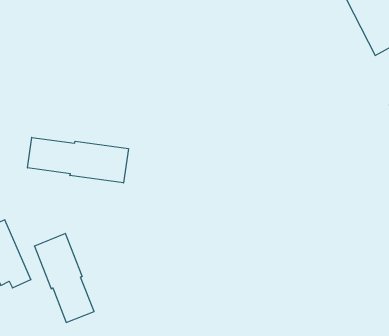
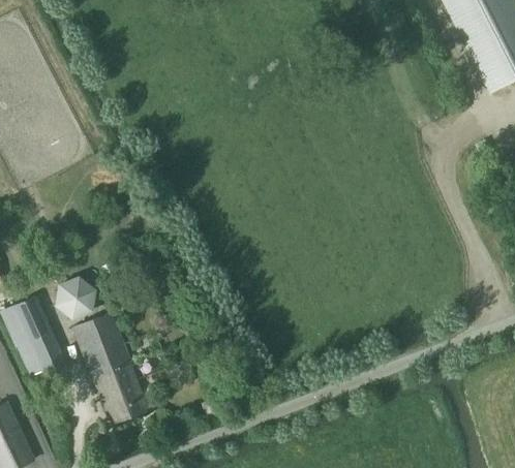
building: [28,137,128,183] -> none
building: none -> [55,277,96,321]

